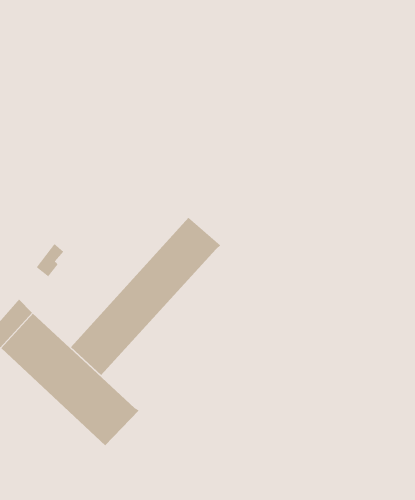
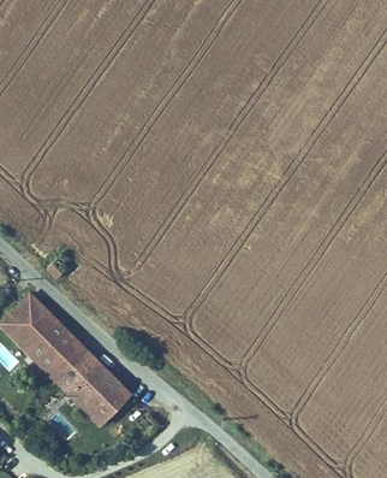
building: [70,217,221,376] -> none

